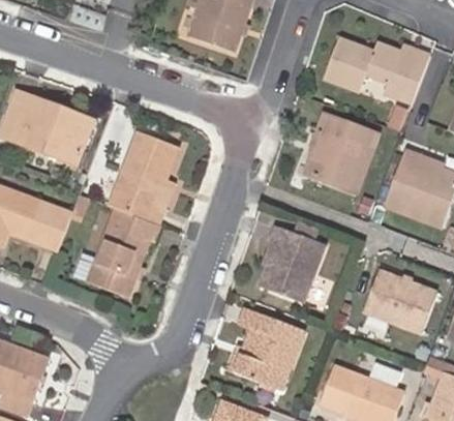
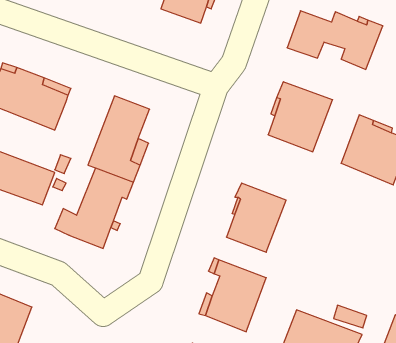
building: [365,269,437,332] -> none

